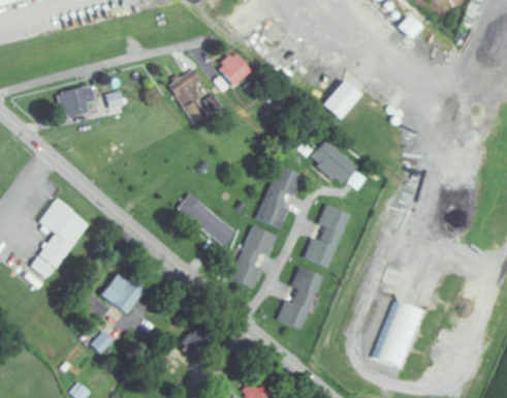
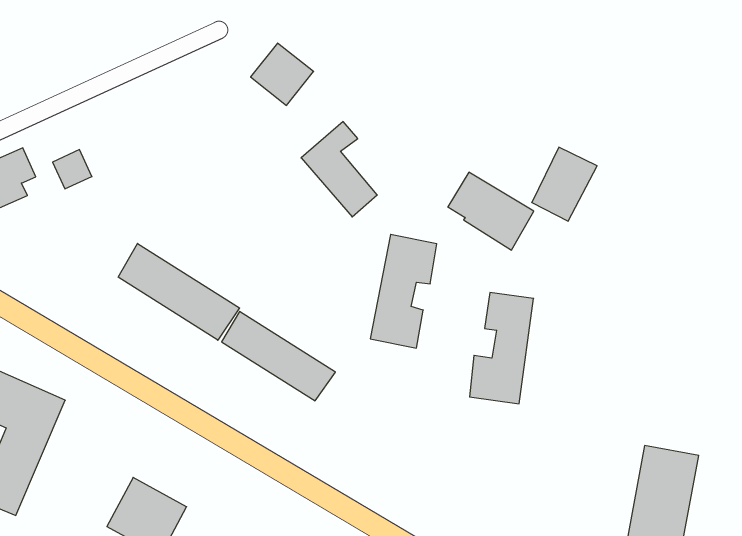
building: [171,70,209,122] -> [301,122,377,217]
building: [321,79,359,119] -> [532,147,597,221]
building: none -> [118,243,240,340]
building: [230,225,276,287] -> none
building: [278,267,323,329] -> none

